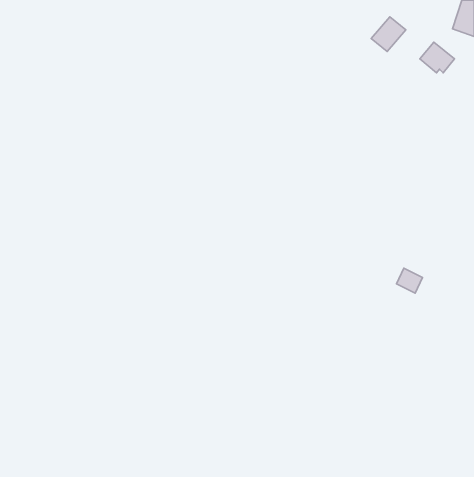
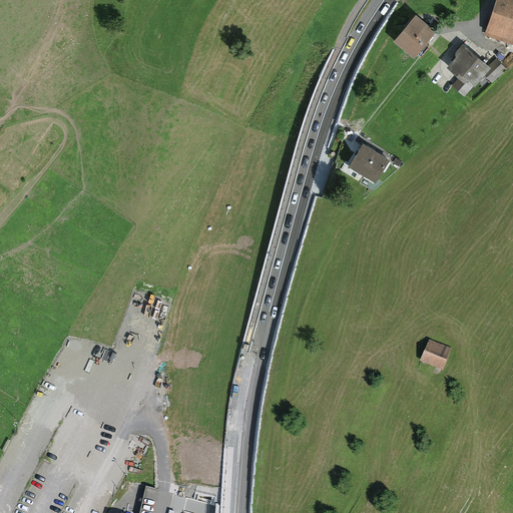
building: none -> [351,143,387,177]
building: [396,268,423,293] -> [420,343,448,370]

